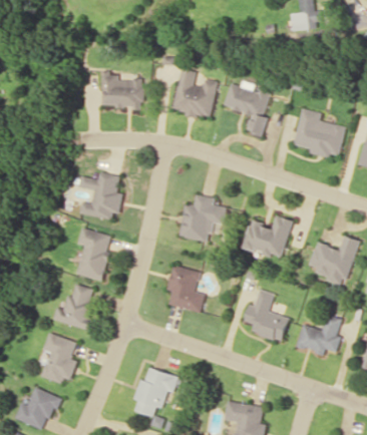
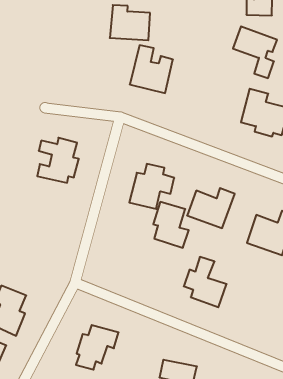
building: [101,73,142,108] -> [110,5,150,40]
building: [223,83,269,136] -> [233,26,277,78]
building: [76,228,113,281] -> none
building: [165,266,204,313] -> [153,202,189,248]
building: [53,284,94,330] -> none
building: [295,315,341,355] -> none

